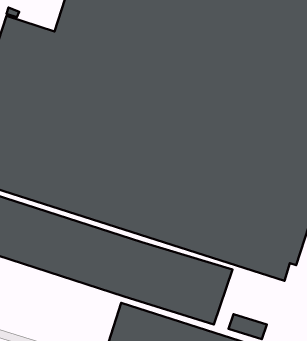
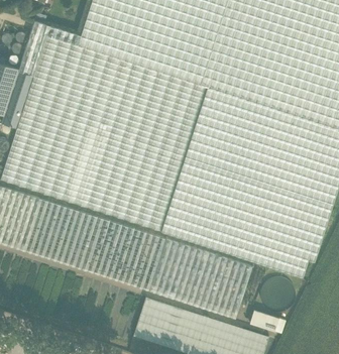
building: none -> [259,275,297,313]

